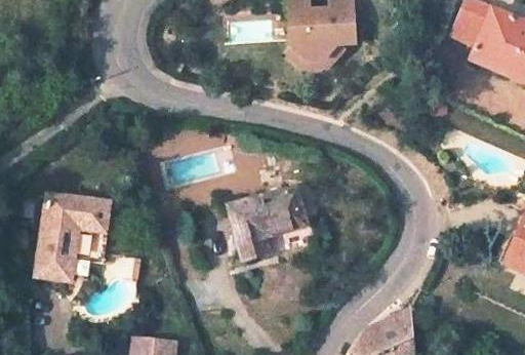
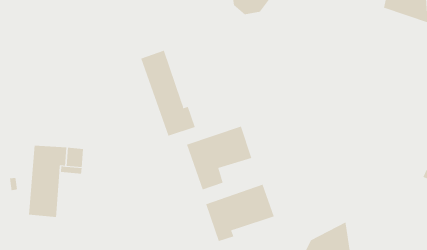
building: none -> [141,50,195,136]
building: none -> [206,184,274,242]

